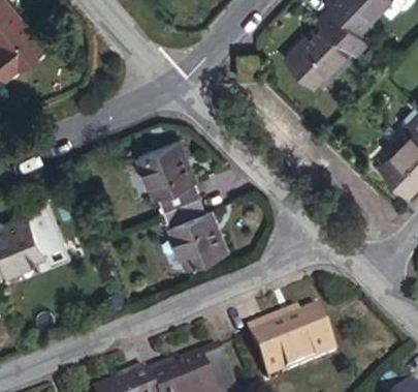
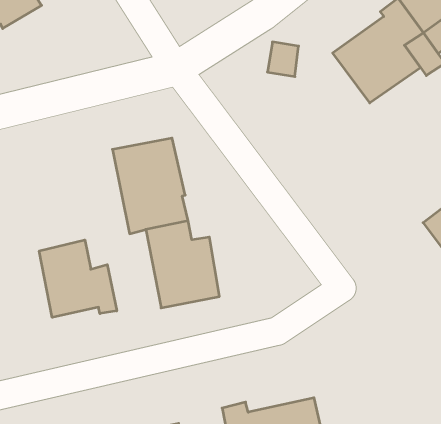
building: none -> [39,240,117,317]

